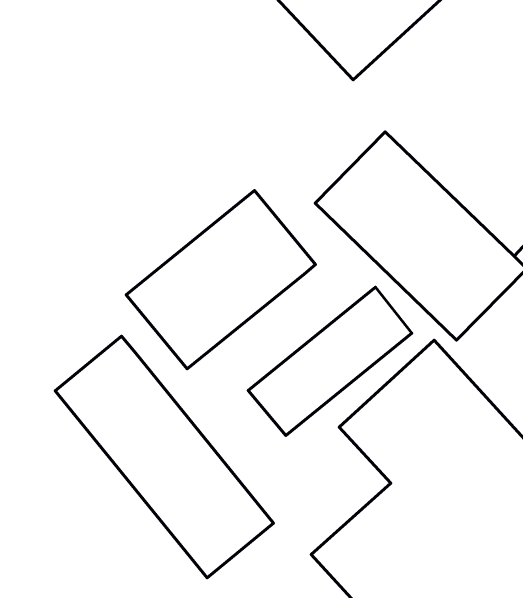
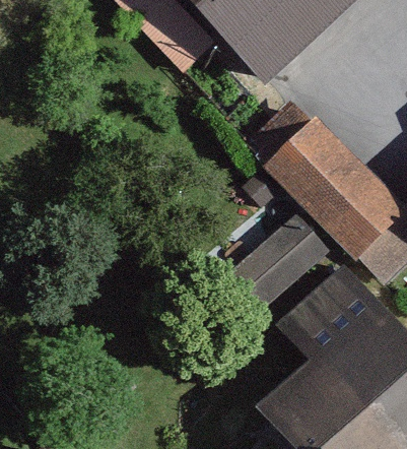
building: [126,191,315,369] -> none
building: [55,336,274,578] -> none

